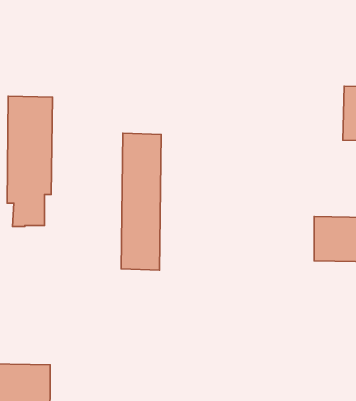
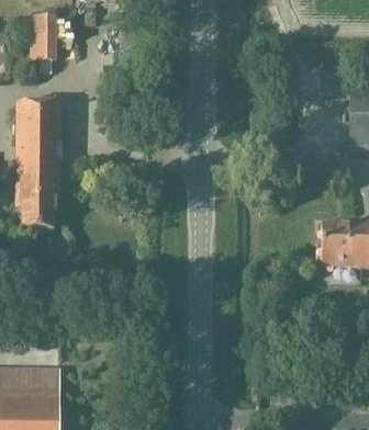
building: none -> [30,14,55,59]
building: [121,133,161,270] -> none

